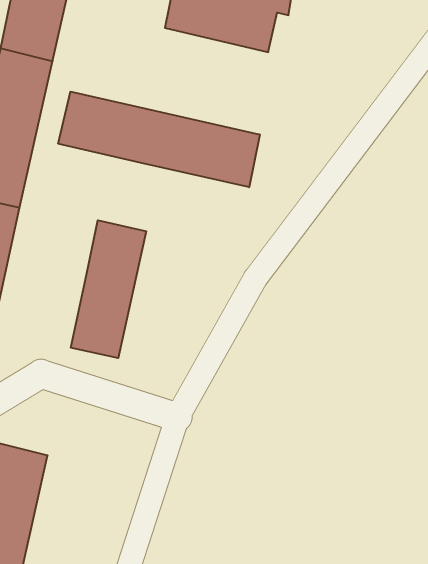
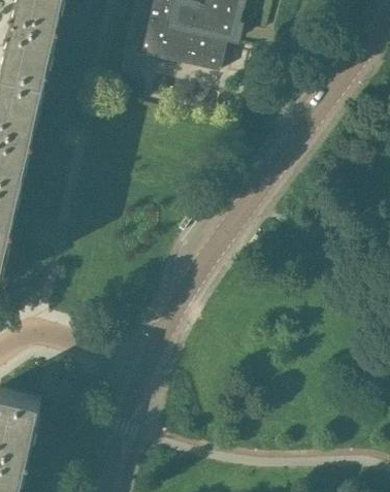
building: [58,92,260,187] -> none
building: [71,220,146,358] -> none

